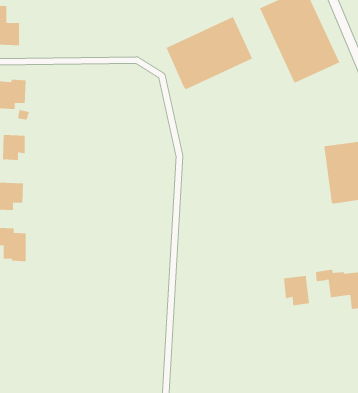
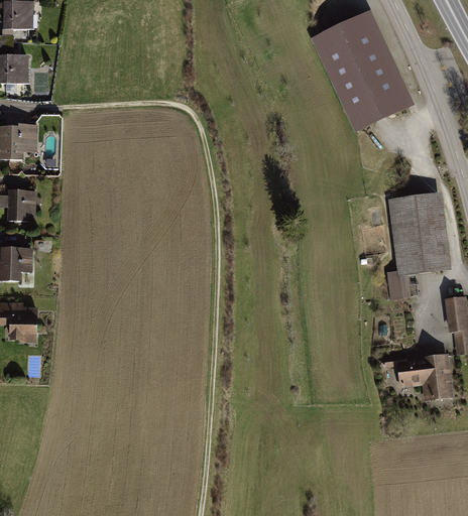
building: [166,16,253,90] -> none
building: none -> [389,273,408,298]
building: [284,275,309,306] -> none

